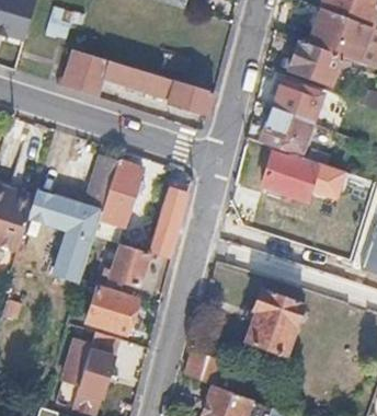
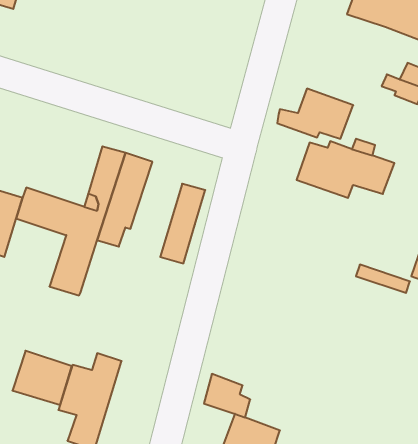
building: [288,41,341,85] -> none
building: [57,49,213,115] -> none
building: [274,88,323,122] -> none
building: [103,244,149,286] -> none
building: [84,288,135,334] -> [12,351,72,405]
building: [248,289,302,354] -> none

